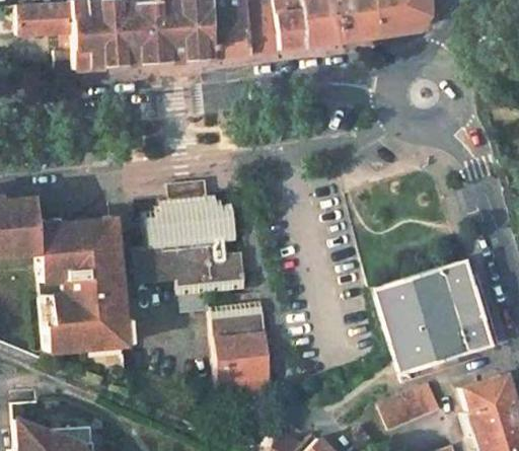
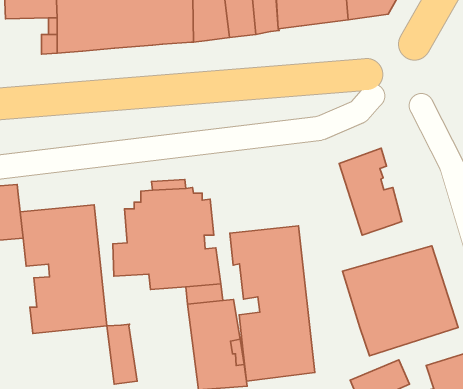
building: none -> [339,148,402,235]
building: none -> [230,226,315,381]
building: none -> [107,324,137,384]

